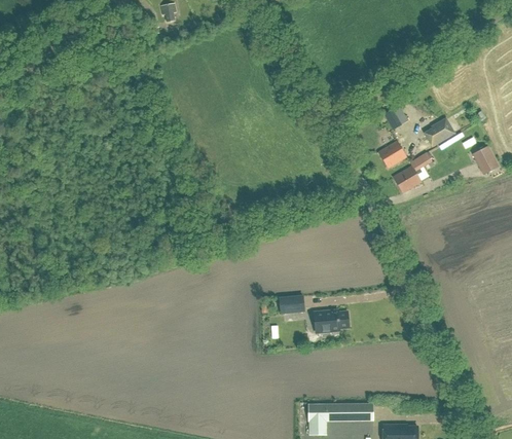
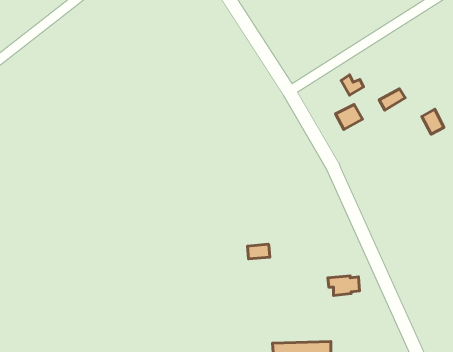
building: [393,152,431,193] -> none
building: [314,310,349,332] -> [328,276,359,295]

